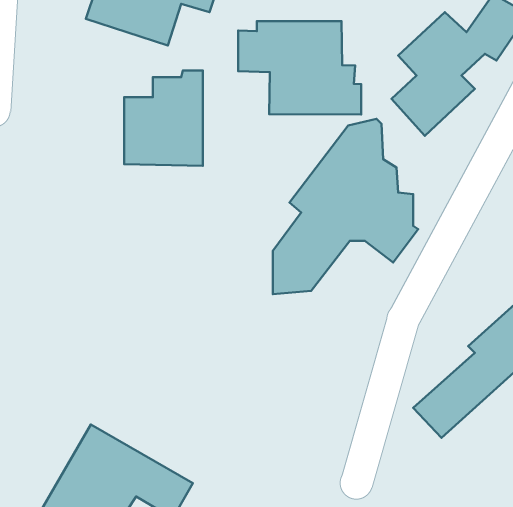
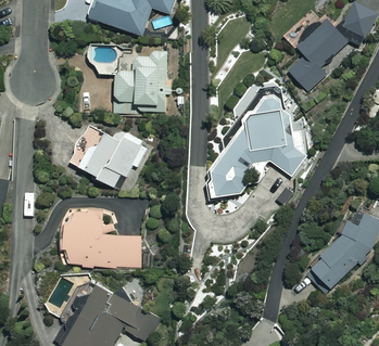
building: [238,21,361,115] -> none
building: none -> [70,126,143,188]
building: none -> [64,210,141,269]

